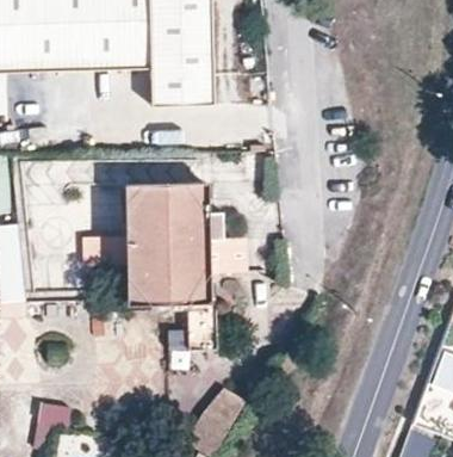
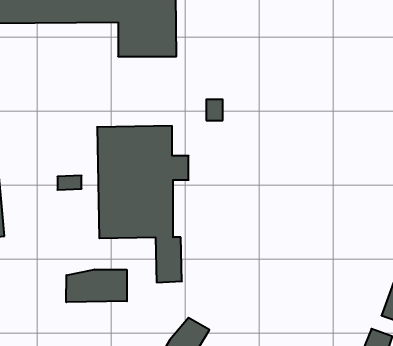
building: none -> [66,269,127,302]

